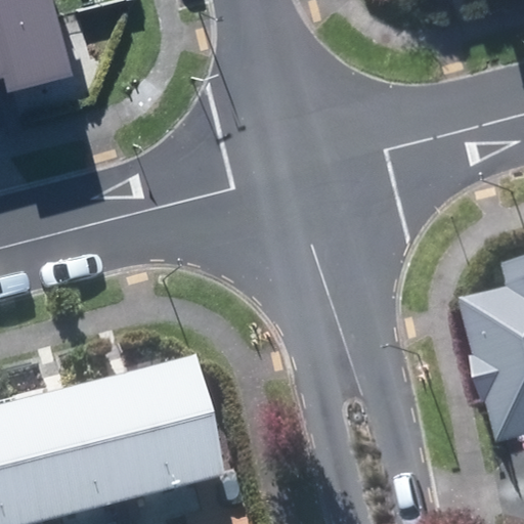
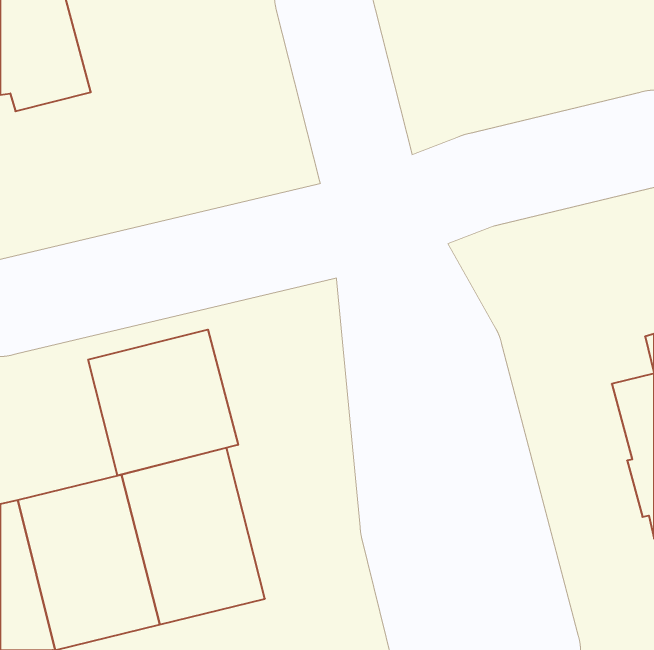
building: none -> [88,330,238,476]

